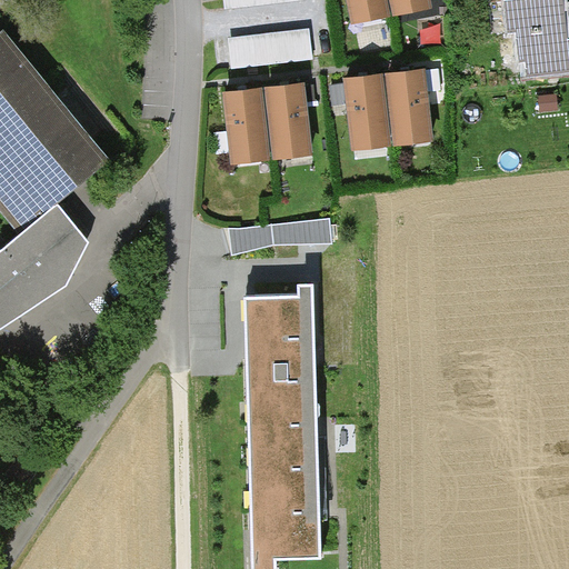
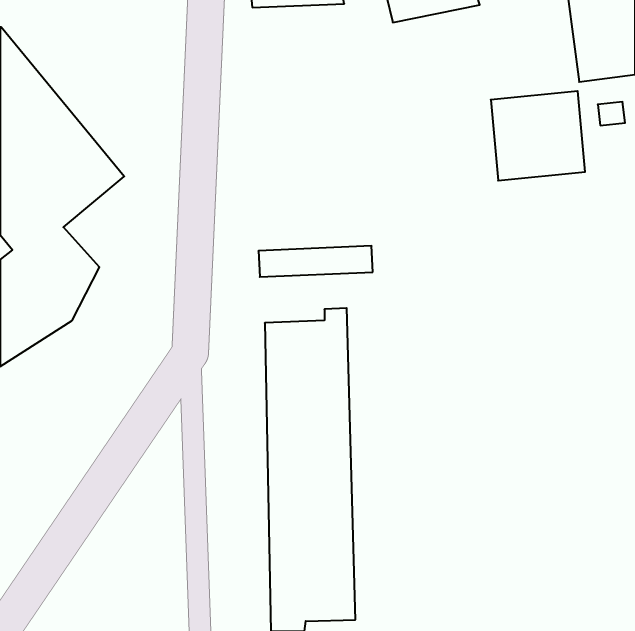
building: [228,27,316,71] -> none
building: [348,71,432,151] -> [491,91,585,181]
building: [223,84,317,162] -> none

